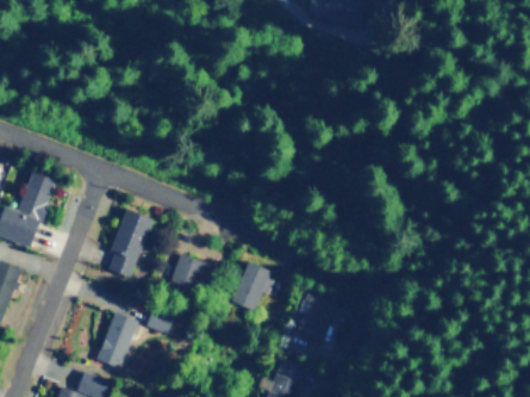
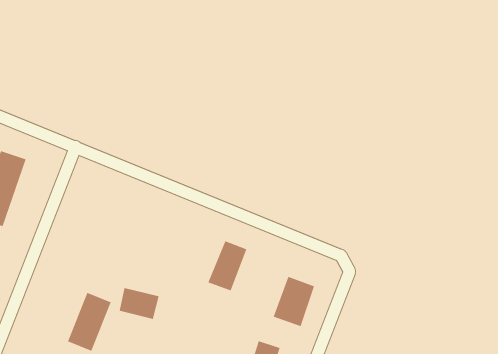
building: [107,209,152,279] -> none
building: [169,254,207,292] -> none

